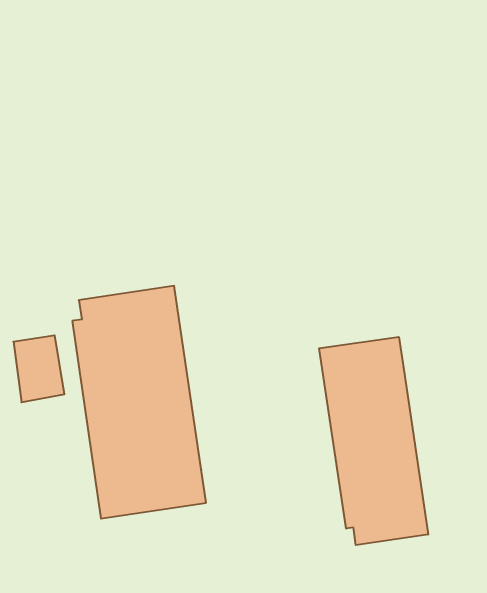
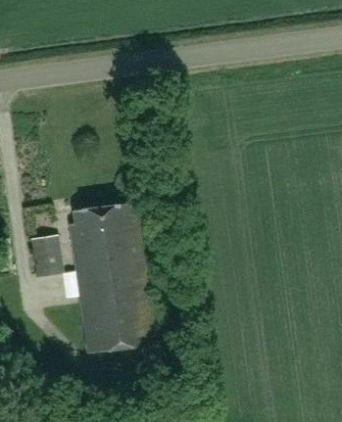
building: [319,337,428,545] -> none

